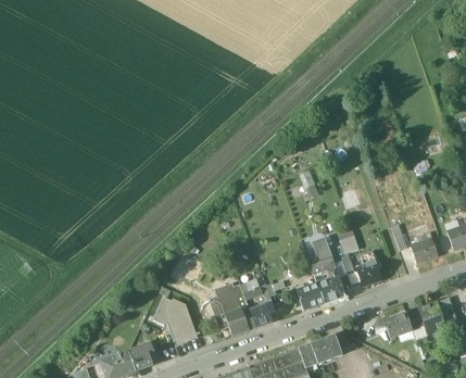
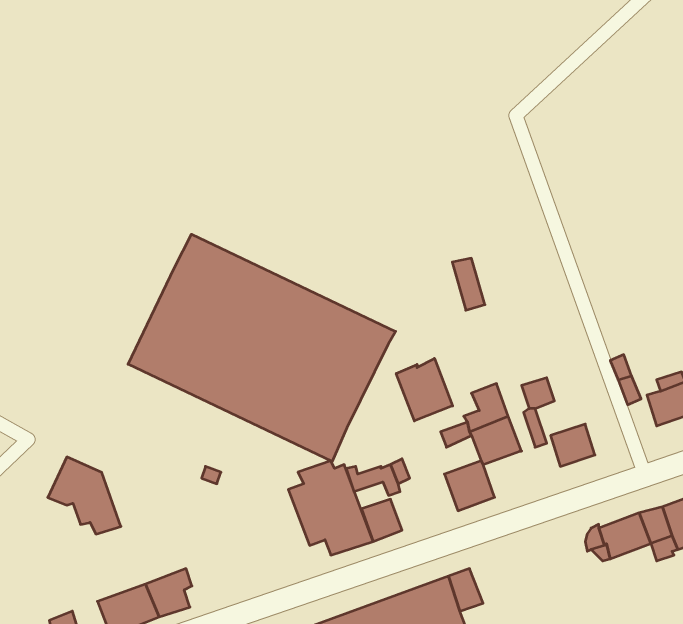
building: none -> [128,234,396,461]
building: none -> [396,358,453,421]
building: [318,277,343,303] -> none
building: [153,298,194,341] -> [48,457,121,534]
building: [311,335,342,363] -> none

